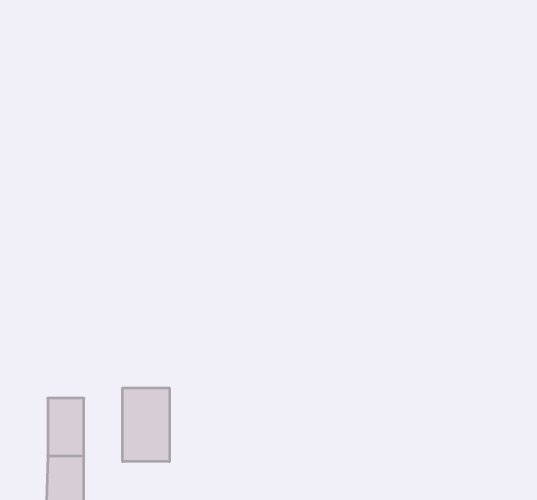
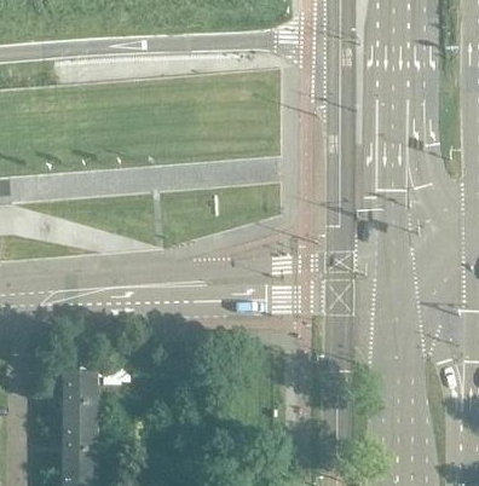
building: [123,388,169,462] -> none

